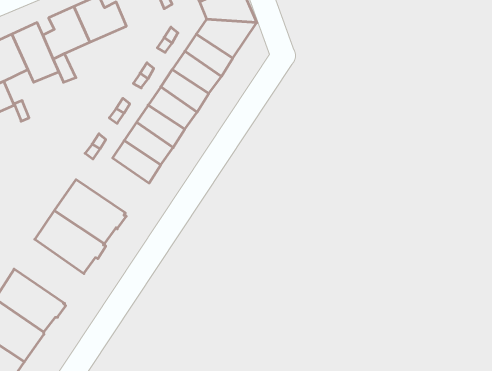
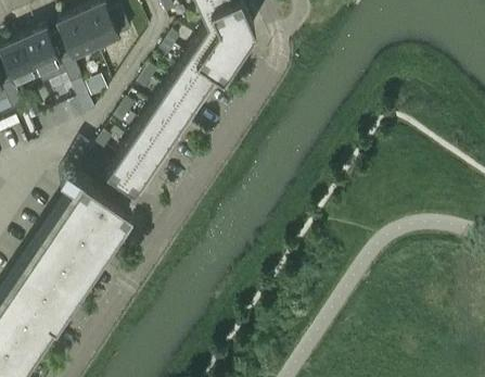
building: none -> [106,156,153,198]
building: none -> [25,234,93,294]

